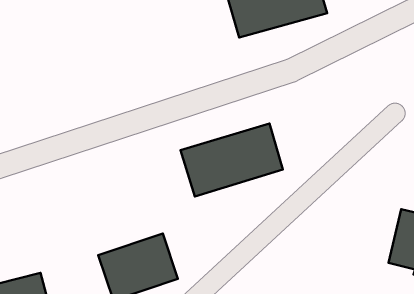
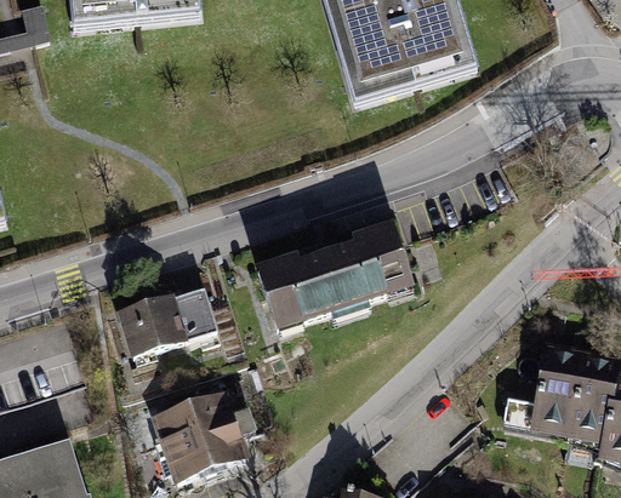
building: none -> [124,288,217,367]
building: none -> [526,340,581,427]

